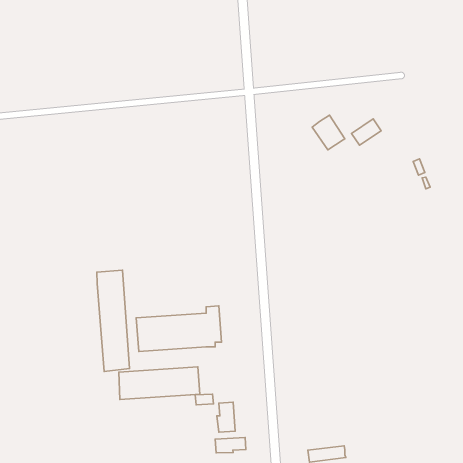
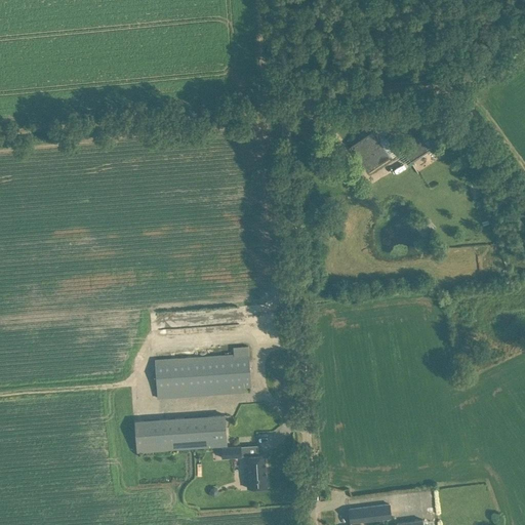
building: [97,270,130,372] -> none
building: [215,437,246,453] -> none

